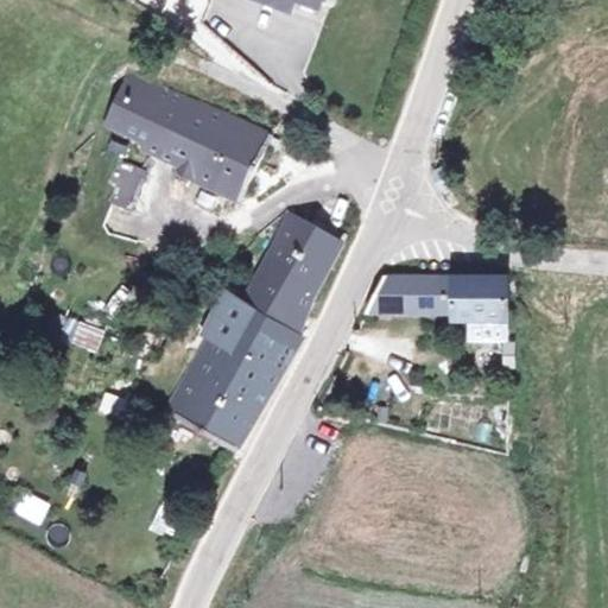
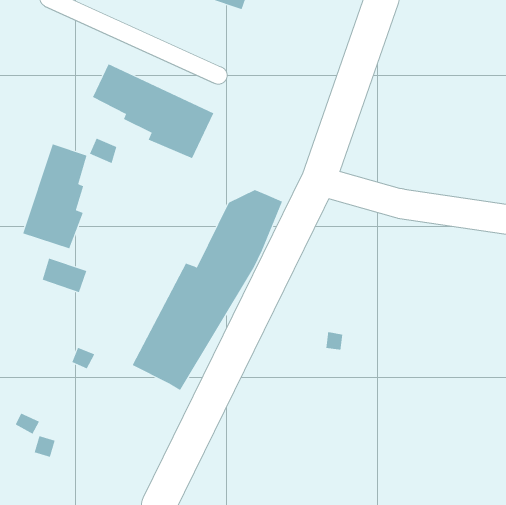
building: none -> [22,144,87,249]
building: [376,272,505,324] -> none

